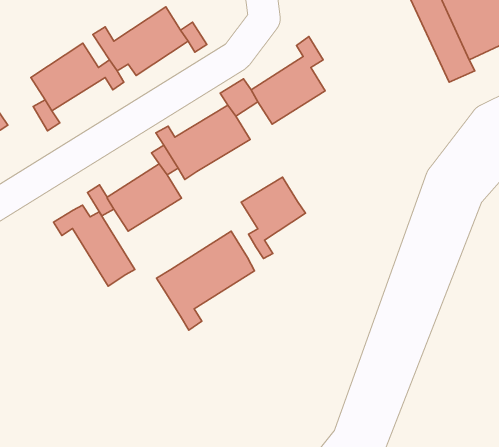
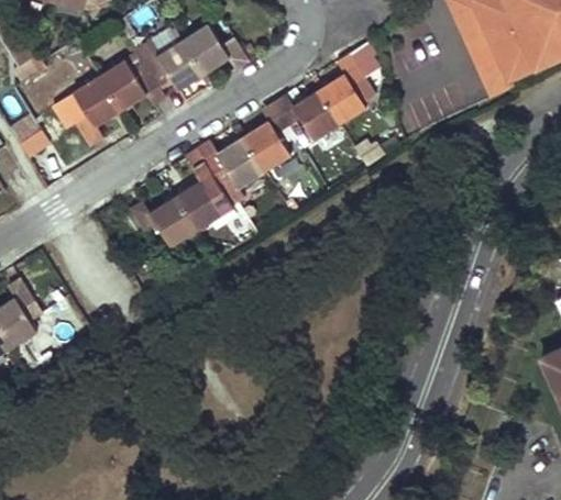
building: [241,177,305,259] -> none
building: [53,205,135,286] -> none
building: [157,231,255,330] -> none

